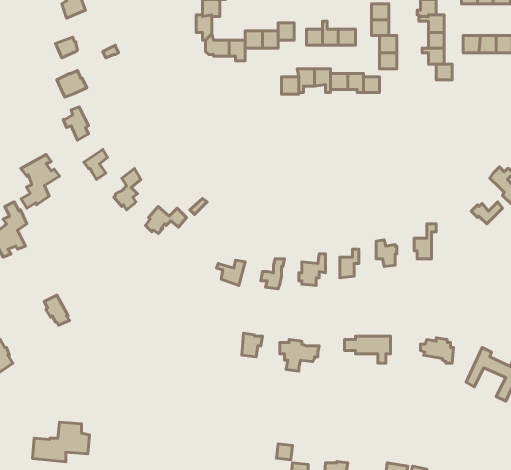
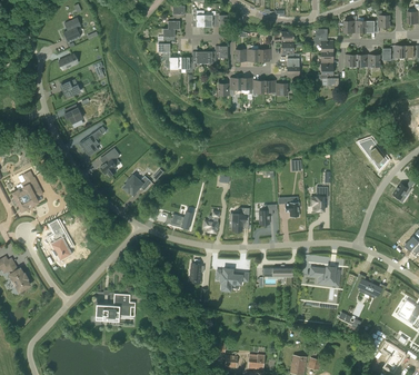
building: [21,154,59,208] -> none
building: [33,422,89,462] -> [96,294,136,322]

